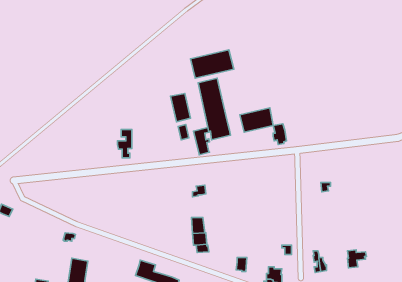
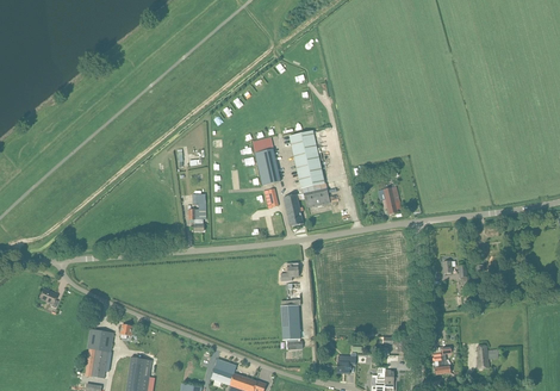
building: [190,50,234,78] -> none
building: [240,108,273,132] -> none
building: none -> [85,329,113,378]

